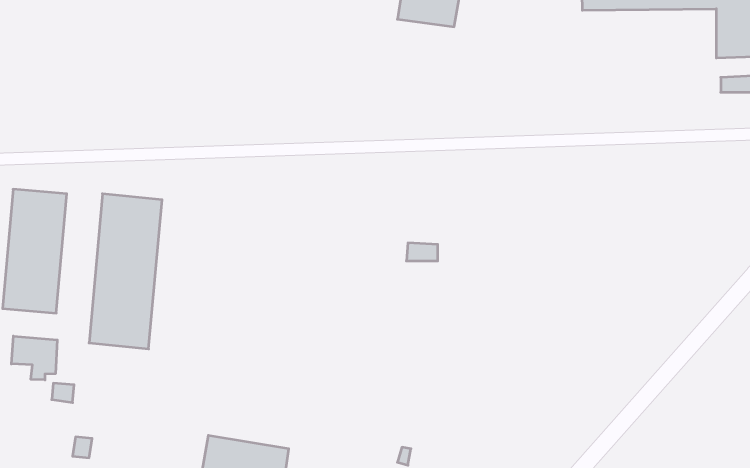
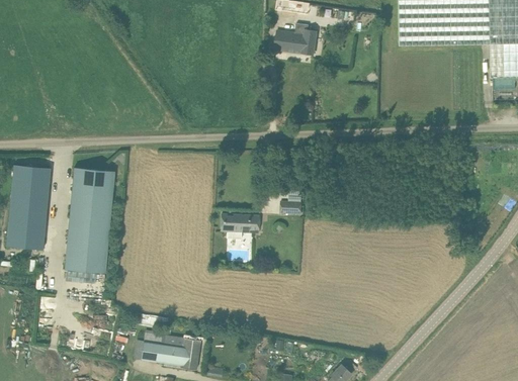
building: none -> [222,213,261,239]
building: [11,336,57,380] -> none

